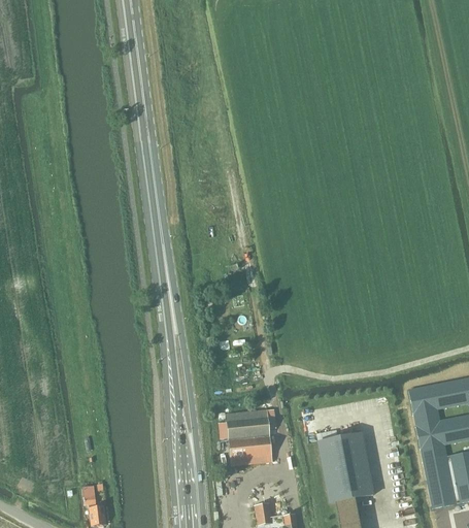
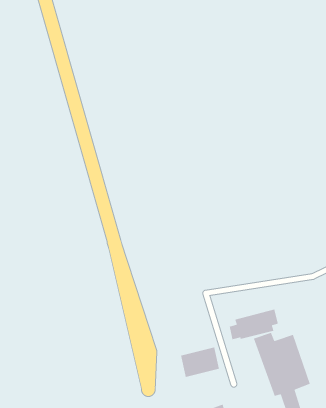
building: [219,409,276,439] -> [229,309,279,340]

